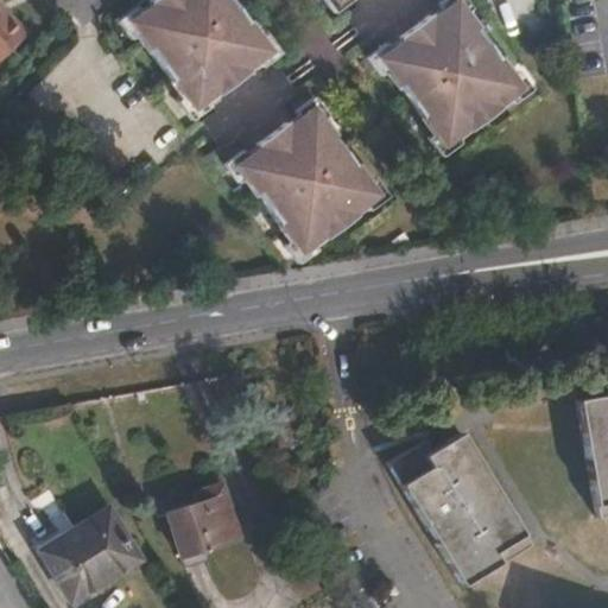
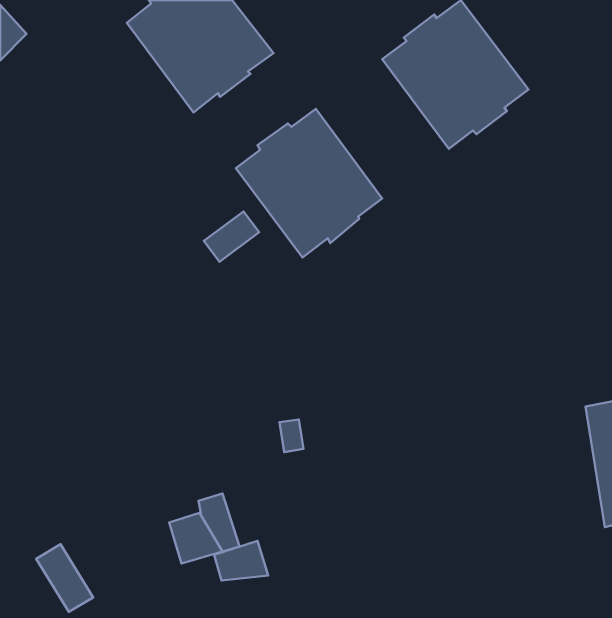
building: none -> [204,211,259,262]
building: [391,432,533,585] -> none
building: [65,507,144,587] -> none
building: none -> [214,541,268,581]

